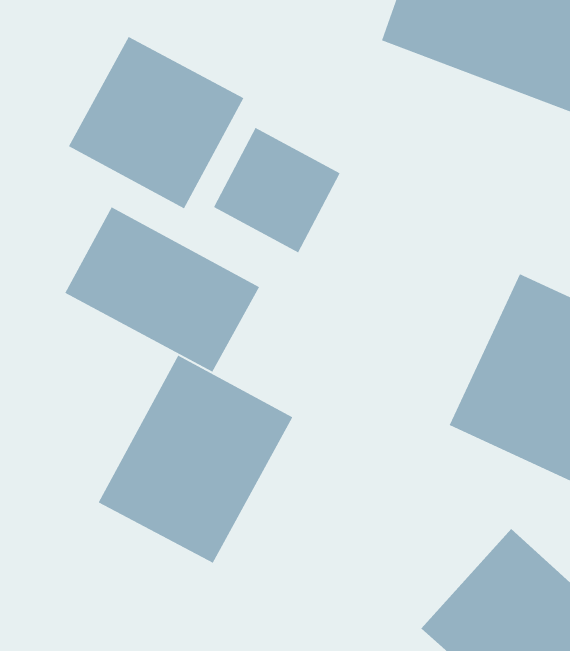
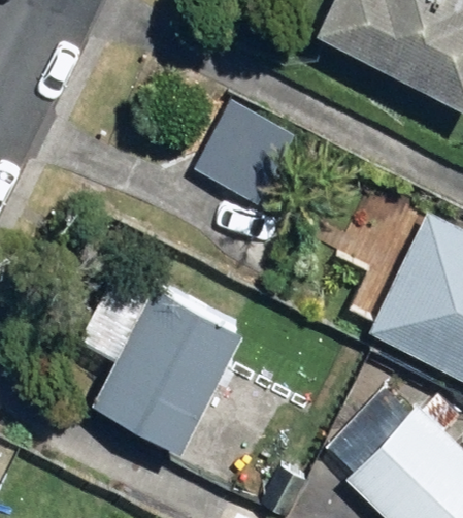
building: [68,36,244,209] -> none
building: [65,207,260,372] -> none

